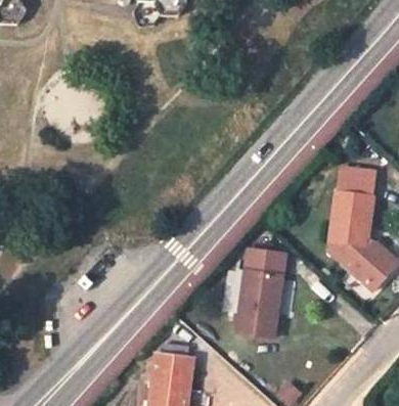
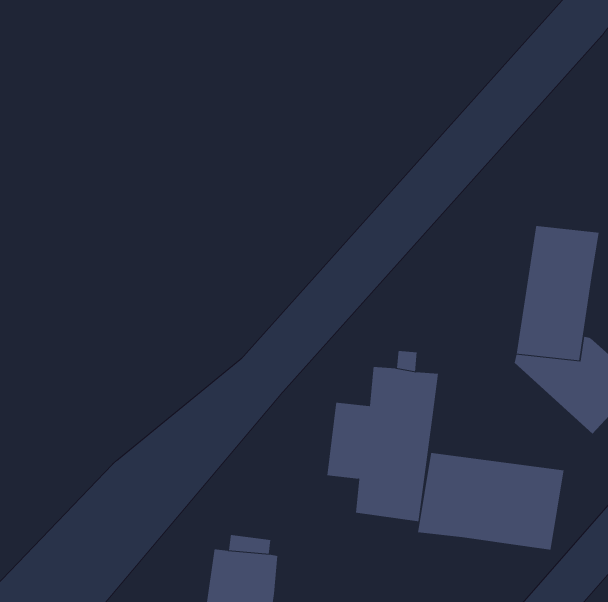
building: none -> [418,452,564,550]

